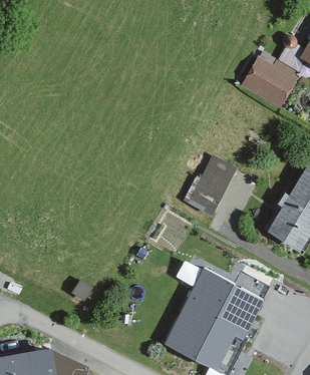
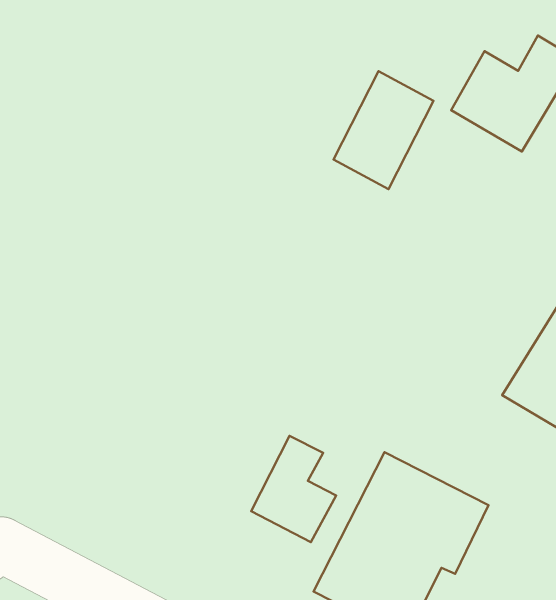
building: [184,156,235,217] -> [333,71,434,189]
building: none -> [251,436,336,542]

